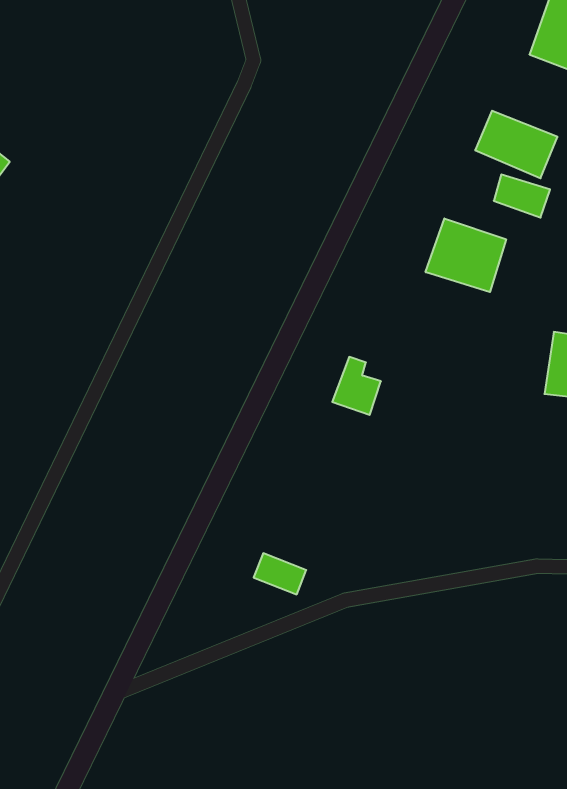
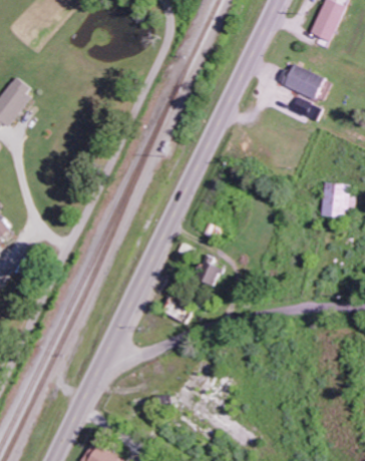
building: [426,218,506,292] -> none
building: [332,357,381,415] -> [196,254,222,285]

